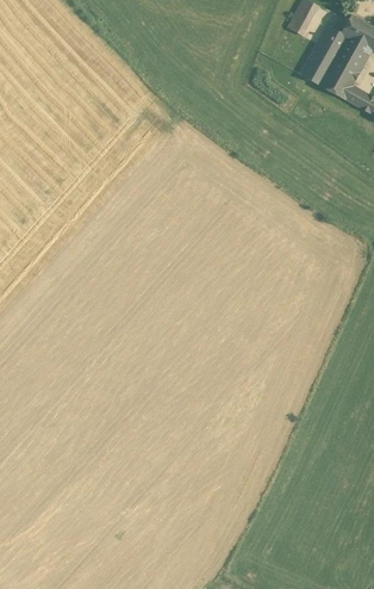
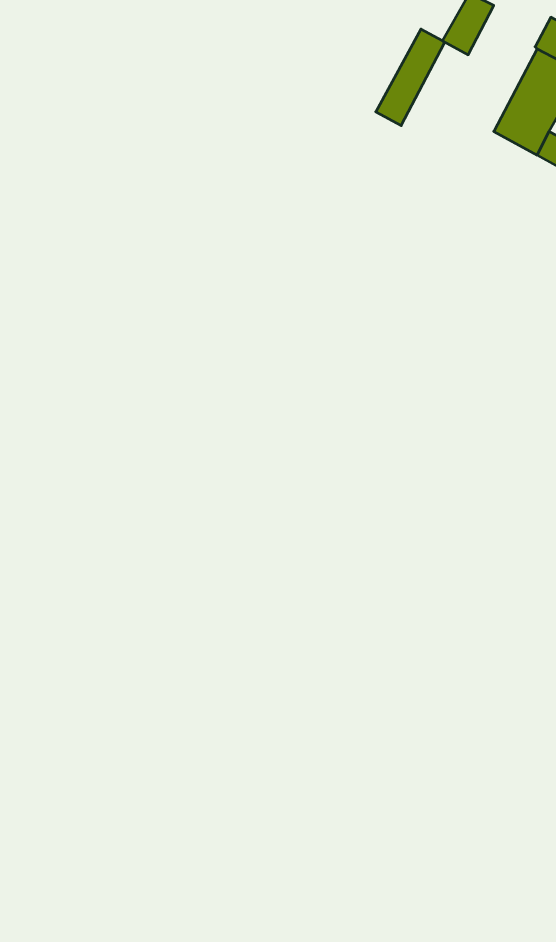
building: [303,25,344,83] -> [376,29,445,126]

